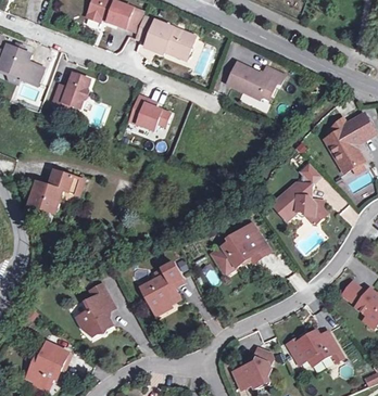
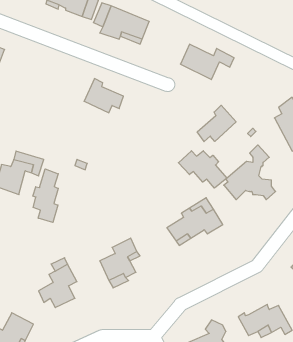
building: [47,75,87,111] -> none
building: none -> [197,105,236,142]
building: none -> [178,151,227,188]
building: none -> [33,169,58,222]

